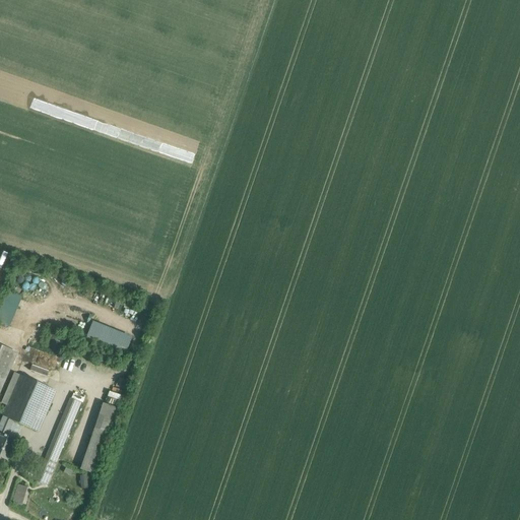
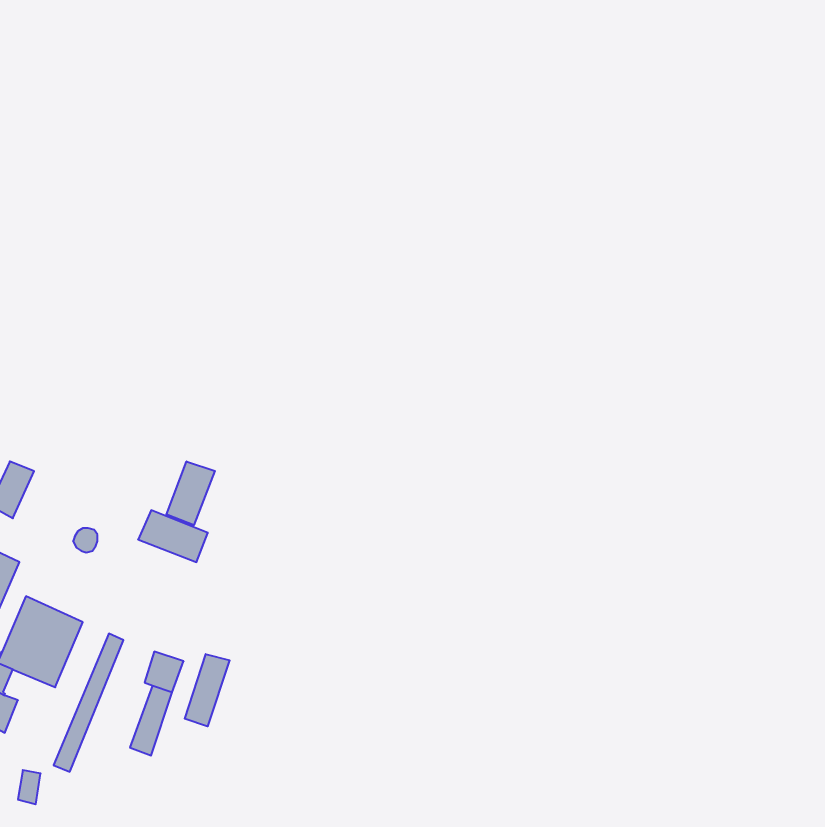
building: none -> [166,461,215,525]
building: none -> [185,654,230,726]

